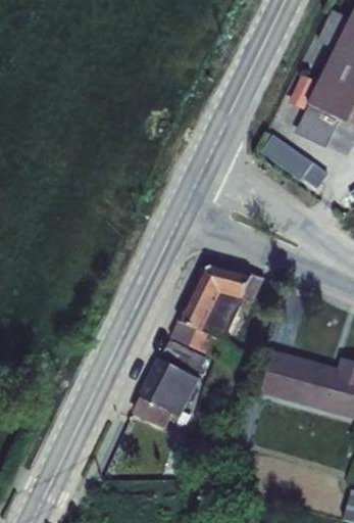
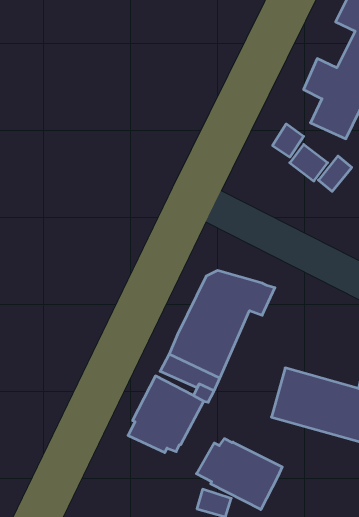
building: none -> [196,439,282,510]

